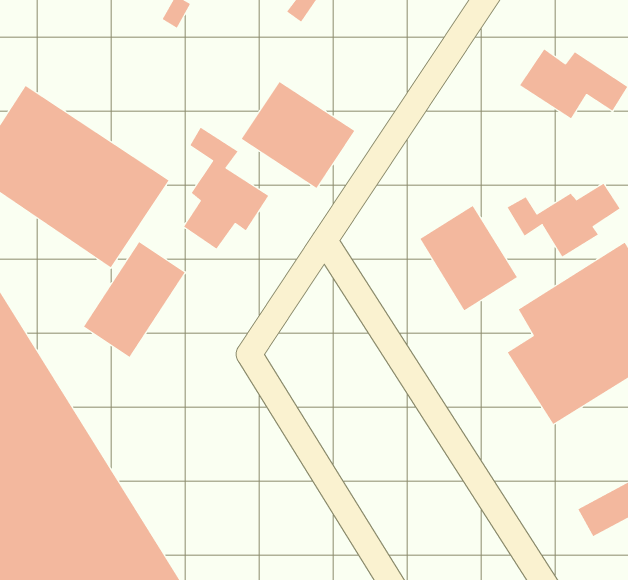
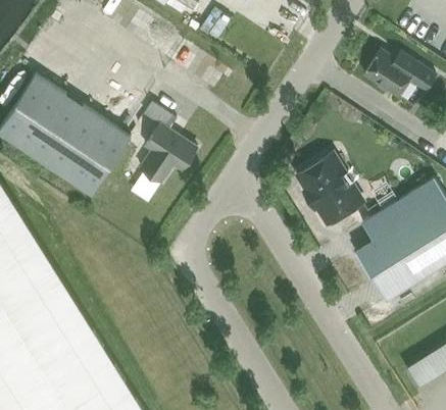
building: [241,81,355,189] -> none
building: [507,183,620,258] -> none
building: [83,241,185,358] -> none

